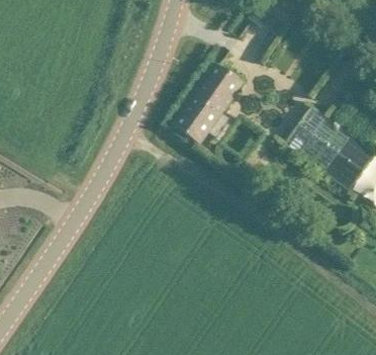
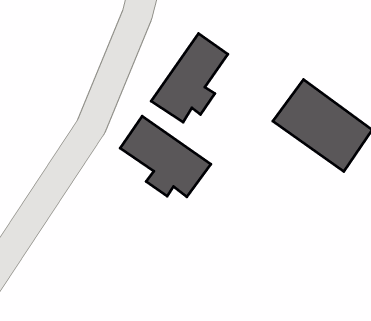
building: none -> [120,116,211,197]

